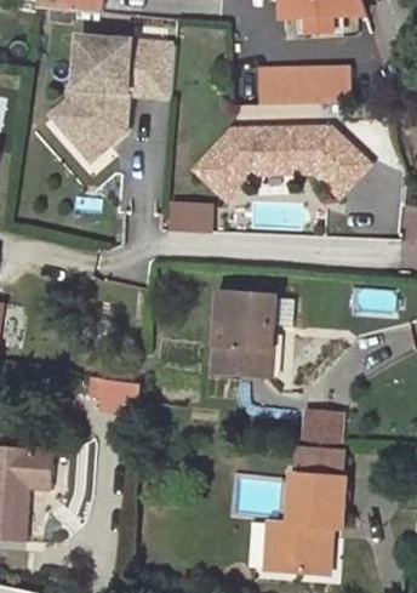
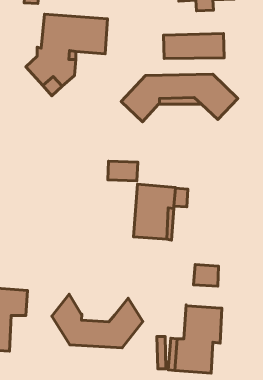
building: [167,201,212,230] -> [108,161,138,181]
building: [90,375,139,410] -> none
building: [293,449,345,477] -> none
building: none -> [52,294,143,348]

